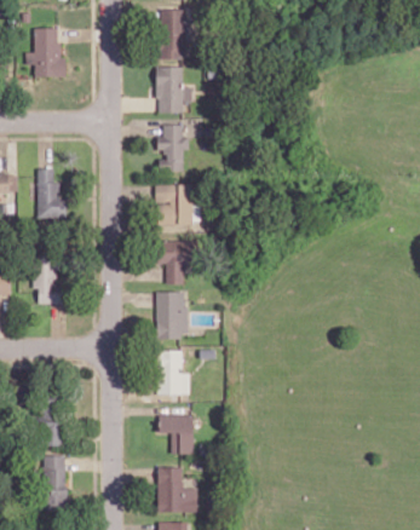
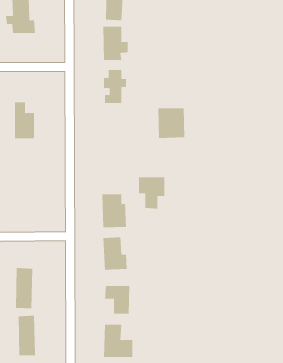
building: [155,184,192,225] -> [157,108,185,138]
building: [157,241,194,284] -> [138,177,165,209]
building: [33,257,62,304] -> none

